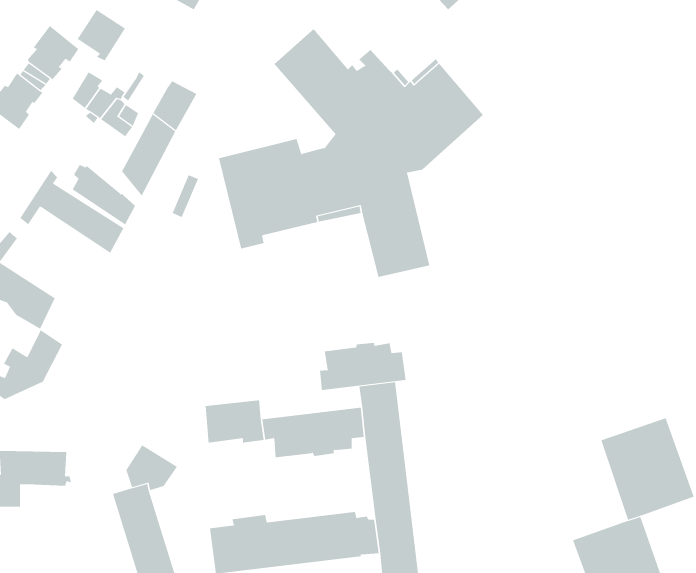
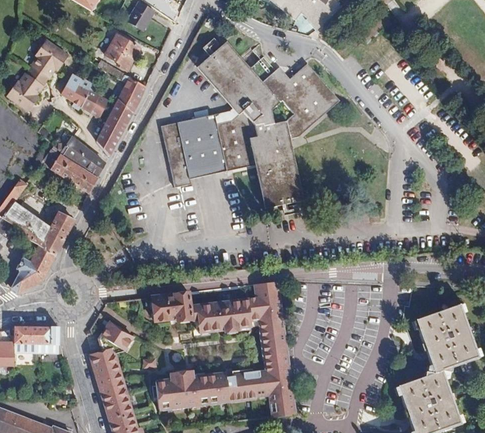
building: [77,9,126,61] -> [102,33,135,68]
building: none -> [41,211,74,254]
building: [320,342,406,391] -> none

